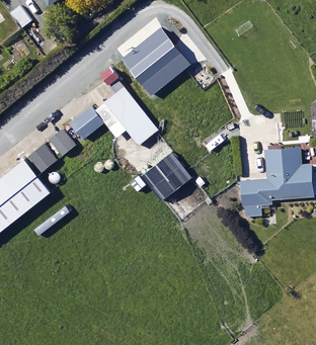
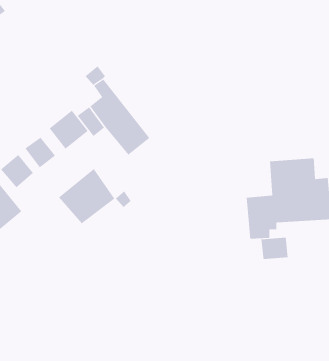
building: [122,30,184,93] -> none
building: [141,150,190,198] -> [58,168,115,224]
building: none -> [261,237,288,260]

